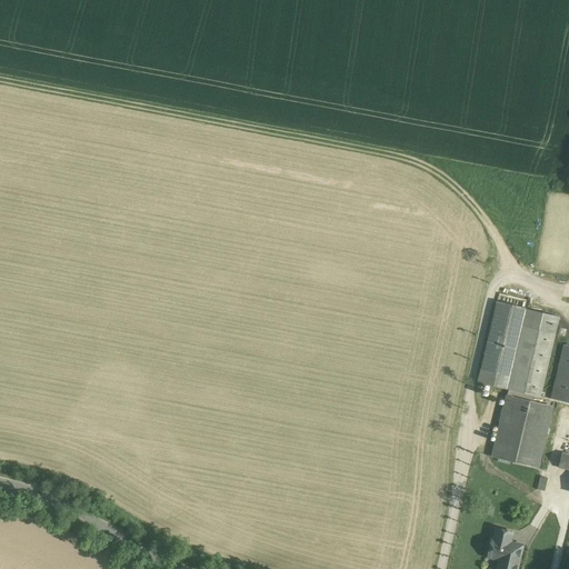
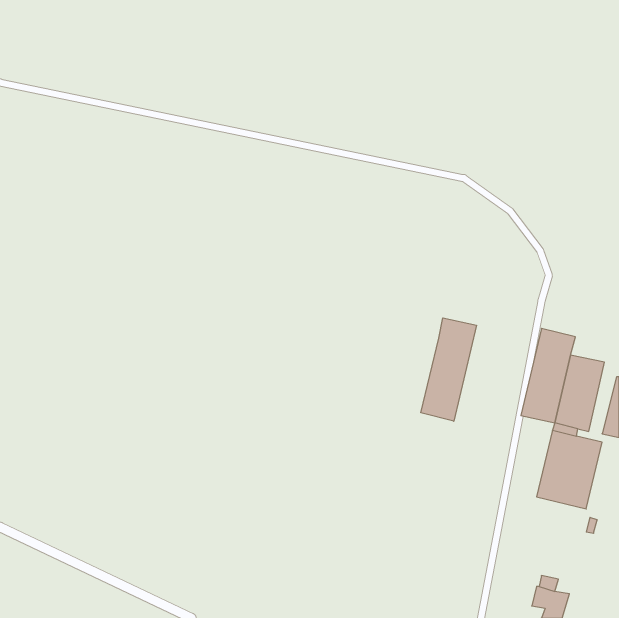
building: none -> [421,318,476,421]
building: [523,309,558,332] -> none

